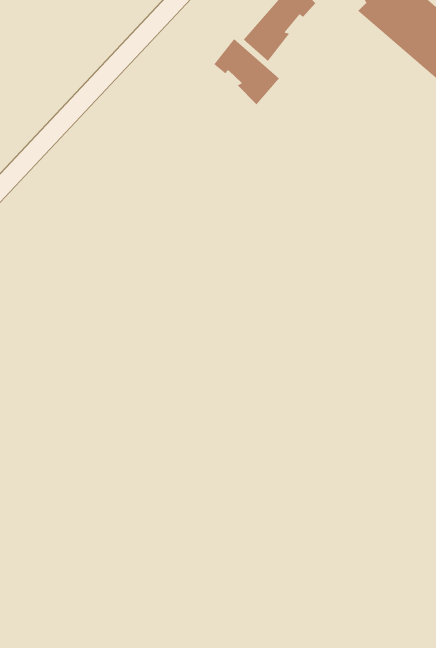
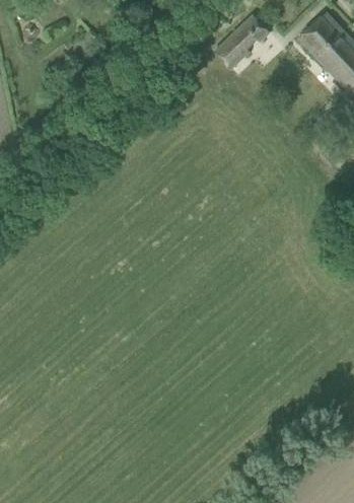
building: [213,38,280,105] -> none

